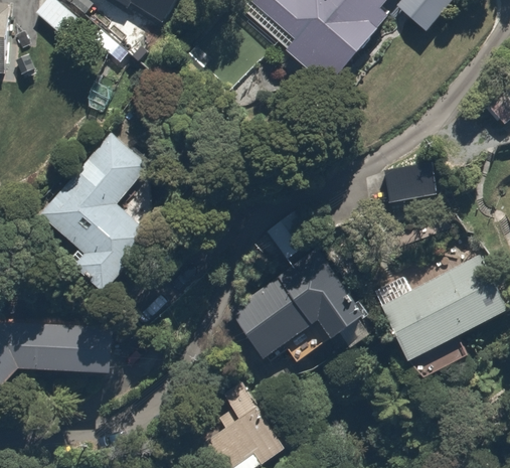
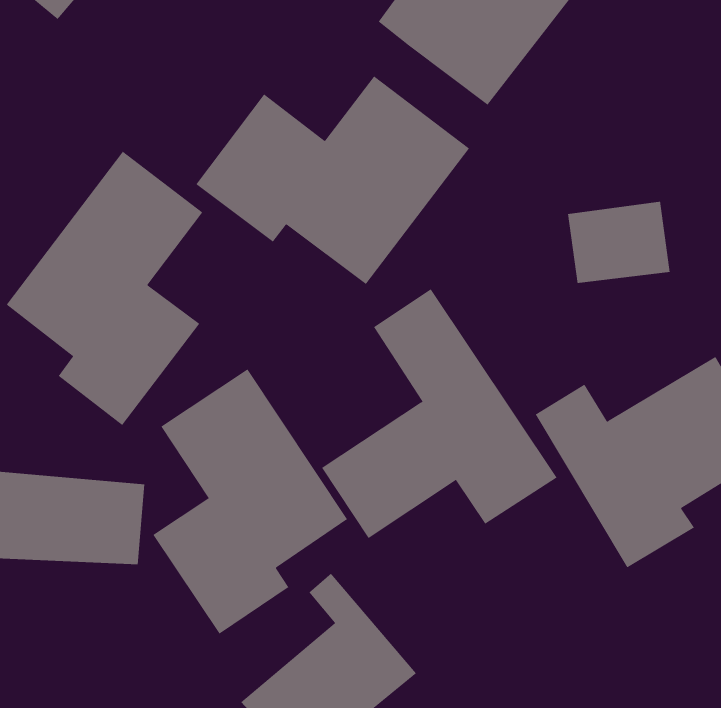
building: none -> [195,76,470,285]
building: none -> [152,368,348,635]

